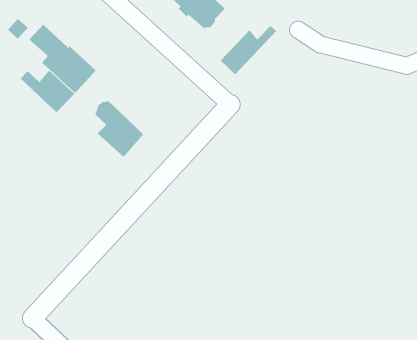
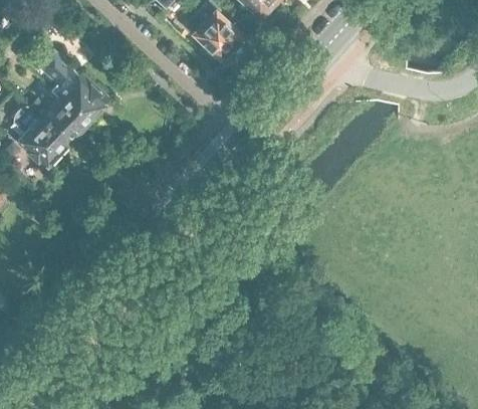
building: [220,25,277,75] -> none
building: [95,99,144,158] -> [16,108,67,168]

